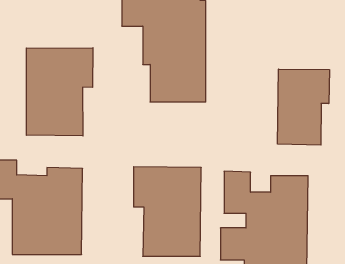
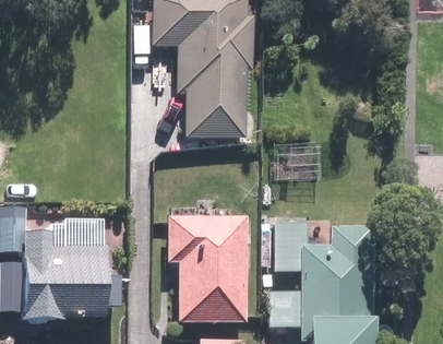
building: [26,48,93,136] -> none
building: [278,69,329,145] -> none

